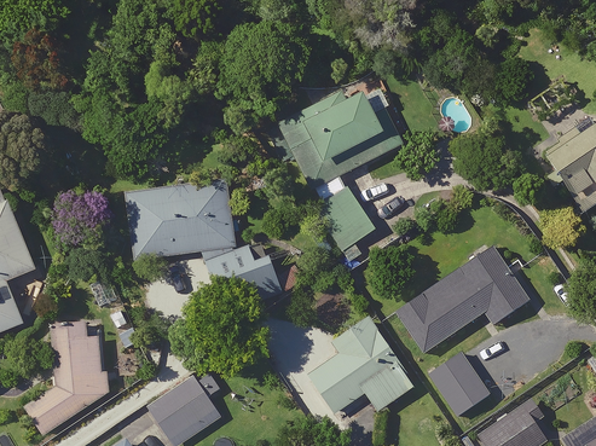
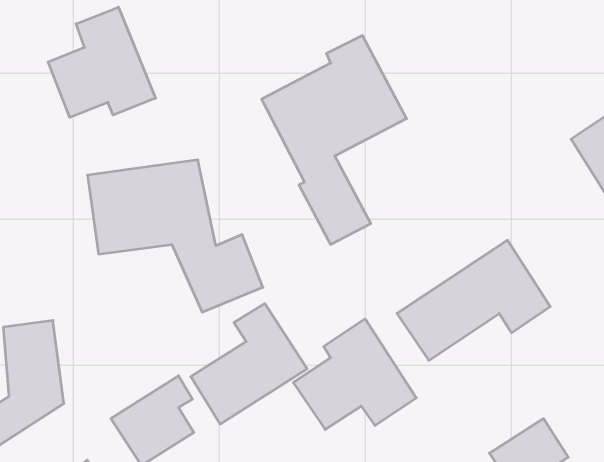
building: none -> [48,7,156,117]
building: none -> [191,304,307,424]
building: [430,354,493,422] -> none

